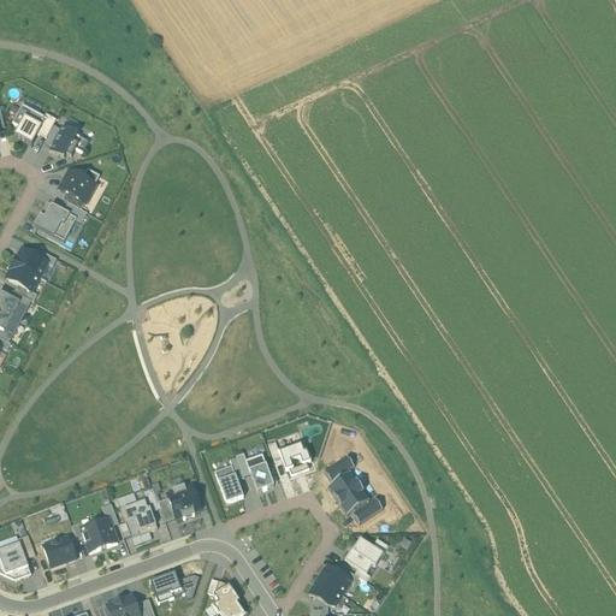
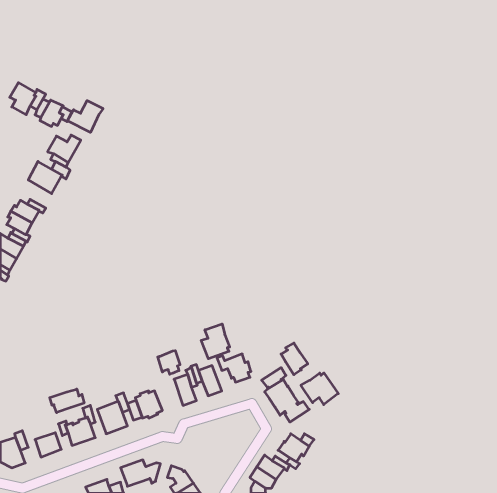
building: none -> [67,101,103,132]
building: none -> [201,324,230,359]
building: none -> [281,343,308,375]
building: none -> [158,351,180,374]
building: none -> [301,373,338,405]
building: none -> [50,389,84,413]

